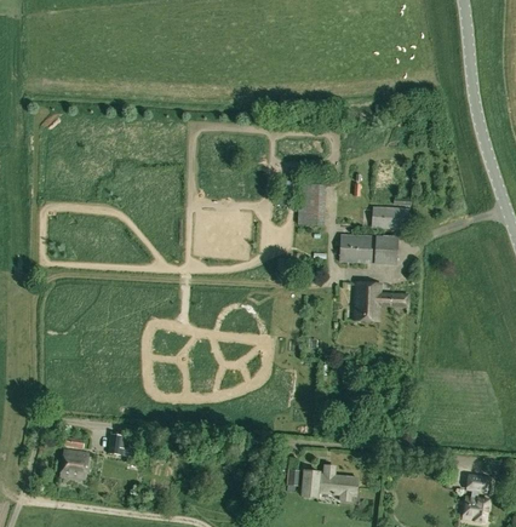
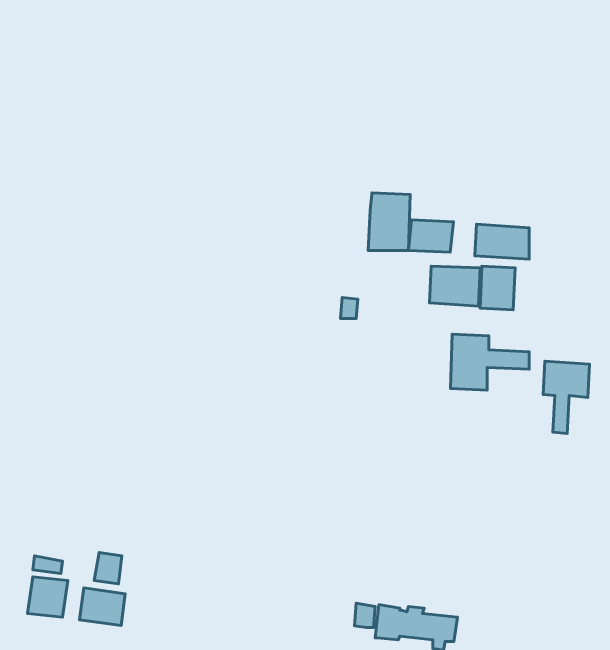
building: none -> [408,220,453,252]
building: none -> [543,361,590,434]
building: none -> [80,588,125,626]

